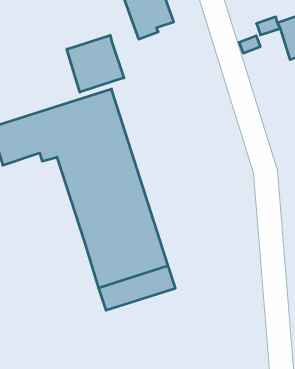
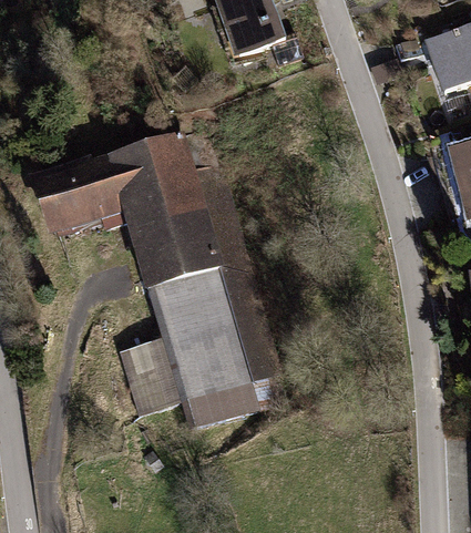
building: [67,35,124,92] -> none
building: none -> [119,336,181,412]

